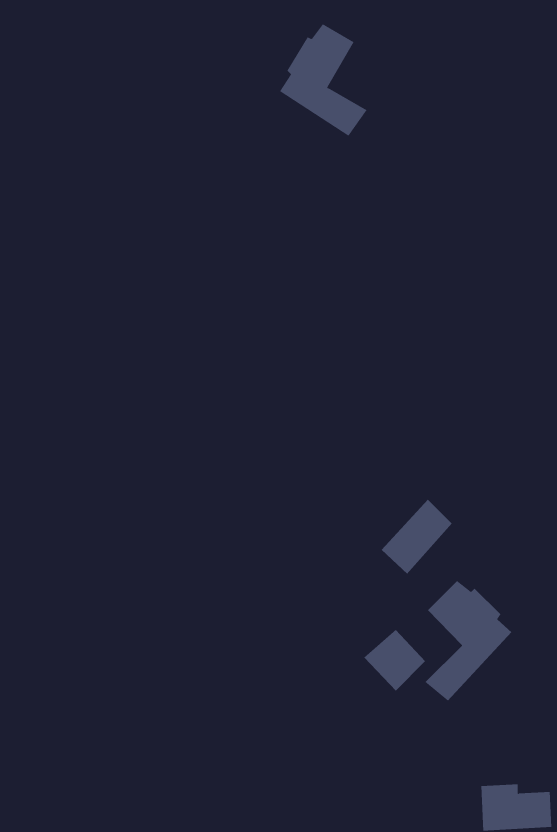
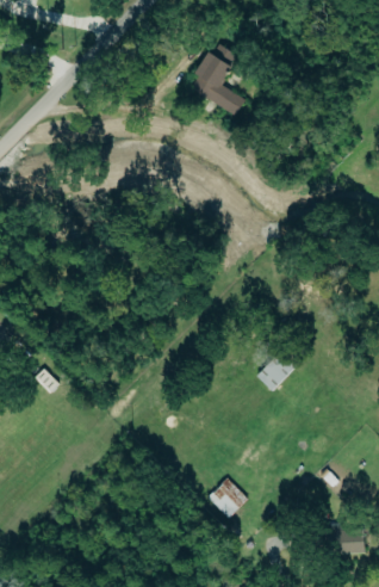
building: [424,580,512,702] -> none
building: [364,629,426,691] -> [206,478,246,518]

